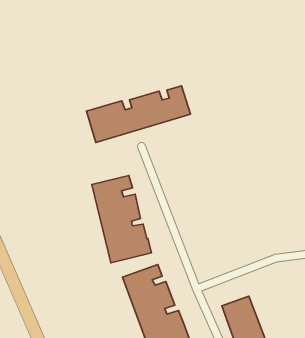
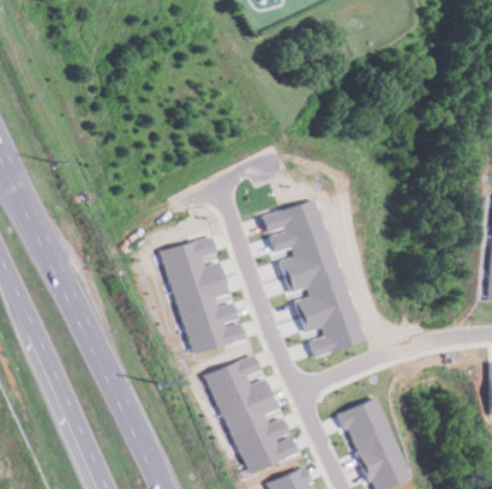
building: [86,86,191,143] -> none
building: none -> [264,199,360,357]

